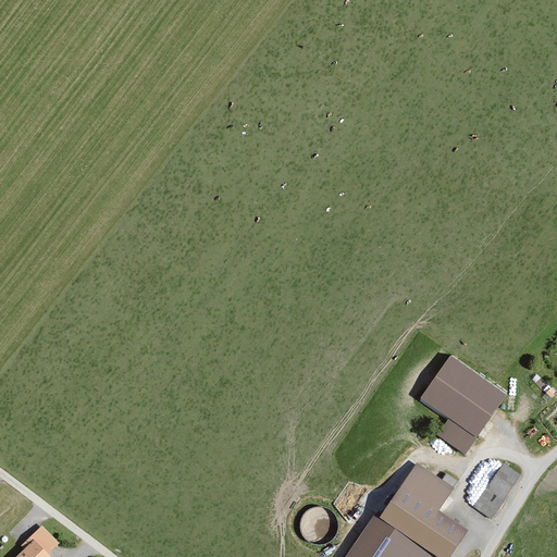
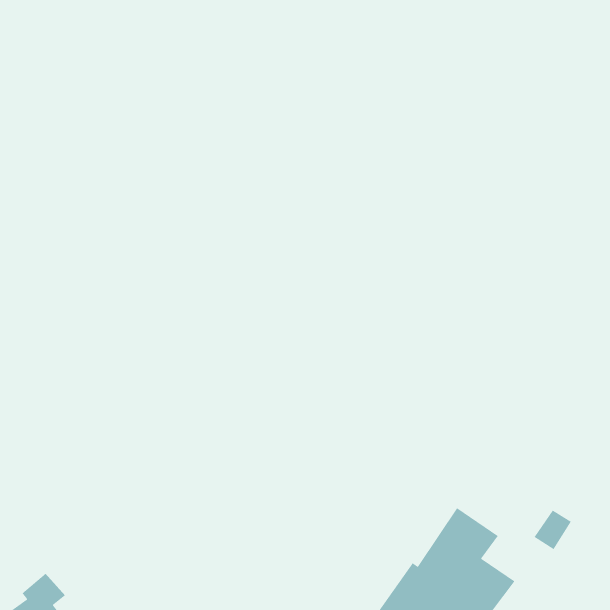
building: [419,356,506,455] -> none
building: [301,509,326,539] -> none

